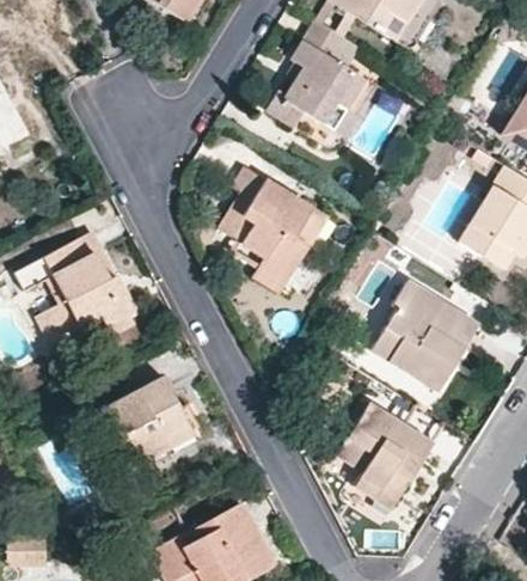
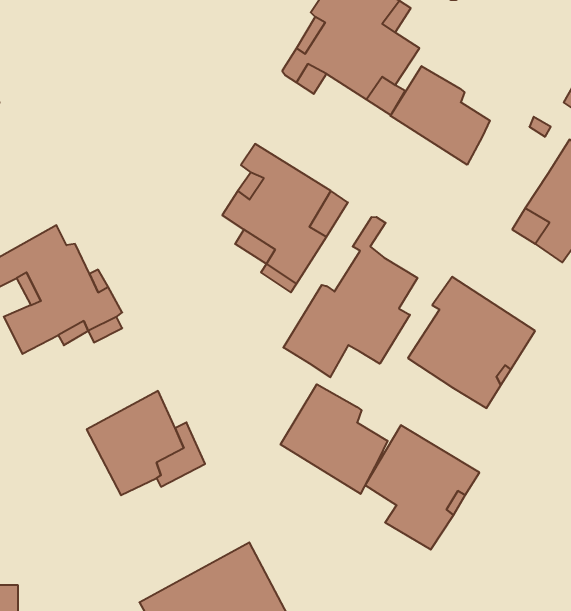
building: none -> [390,66,490,165]
building: none -> [283,217,417,377]
building: none -> [281,384,388,494]

